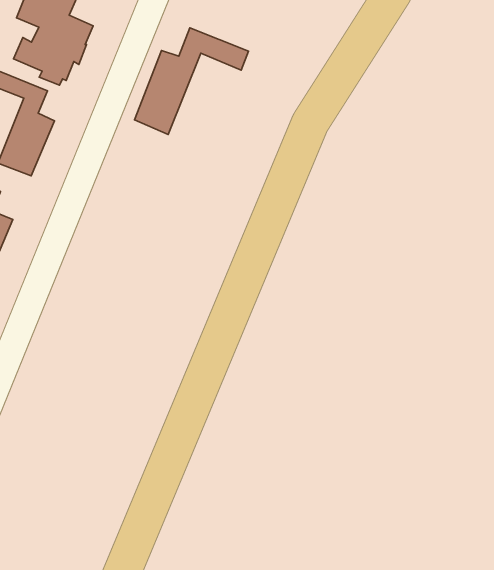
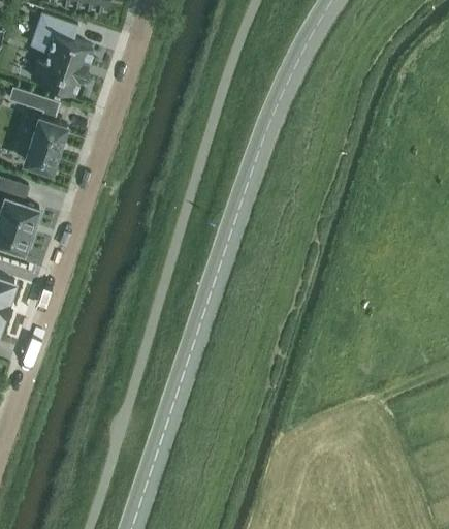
building: [135,28,248,135] -> none

